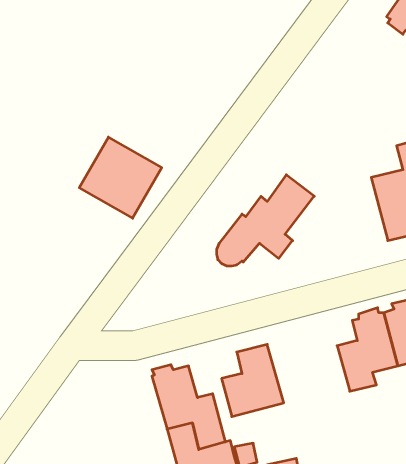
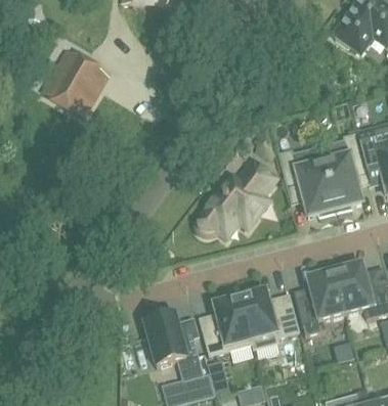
building: [79,137,162,218] -> [42,47,109,112]
building: none -> [276,147,335,215]
building: none -> [238,287,299,347]

